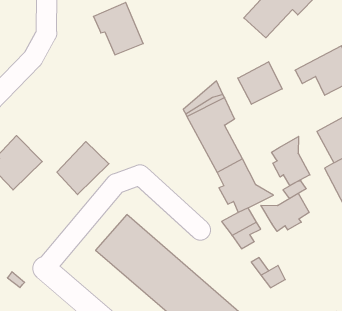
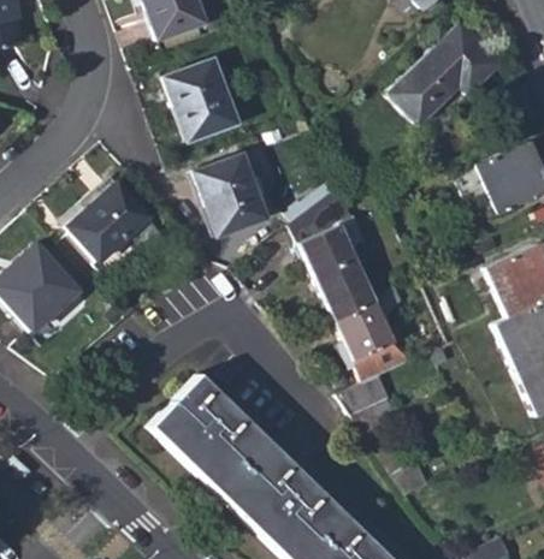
building: [238,62,282,104] -> none
building: none -> [195,153,266,233]
building: [272,136,310,186] -> none
building: [57,142,109,195] -> [70,182,148,260]
building: [261,193,309,231] -> none

